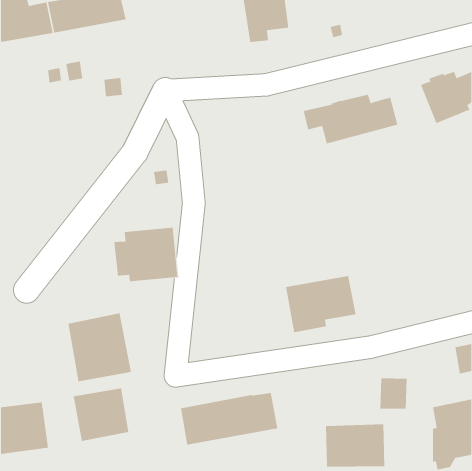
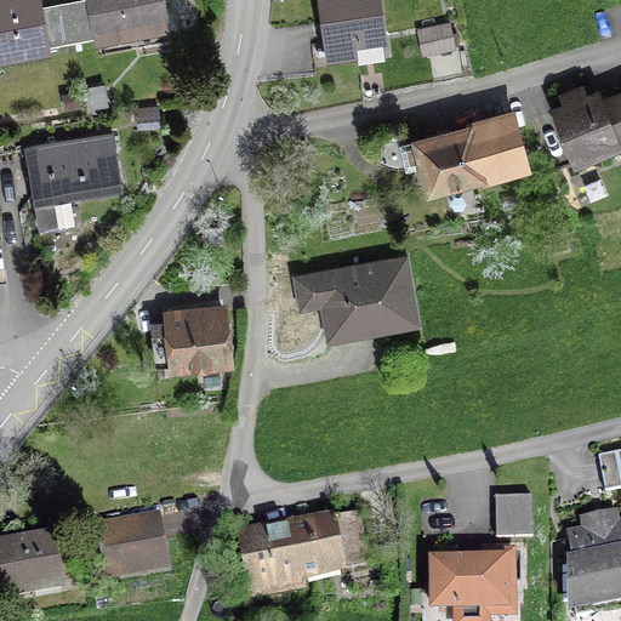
building: none -> [23,126,124,232]
building: [285,276,356,333] -> [318,261,411,336]
building: [68,313,132,382] -> none

